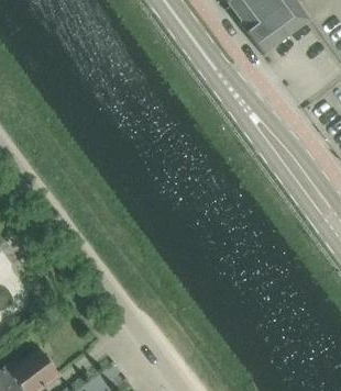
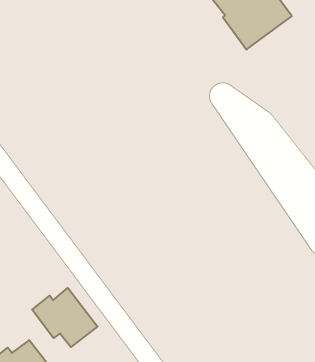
building: none -> [32,288,98,347]

